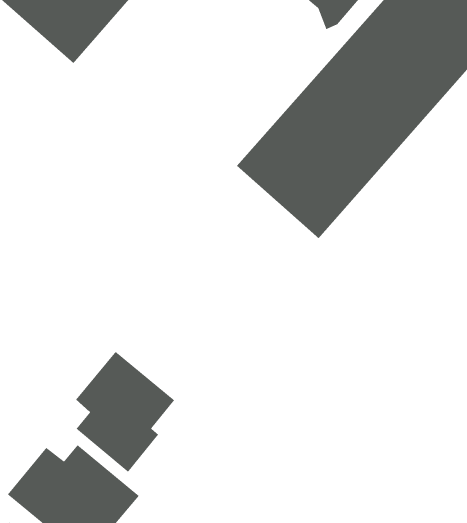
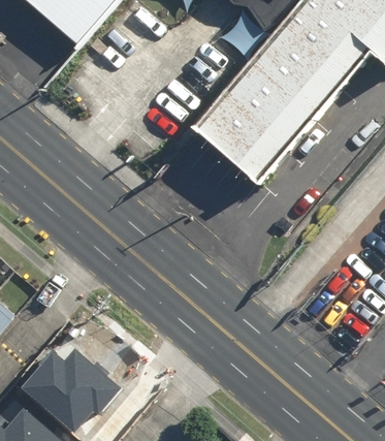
building: [75,351,175,473] -> none

